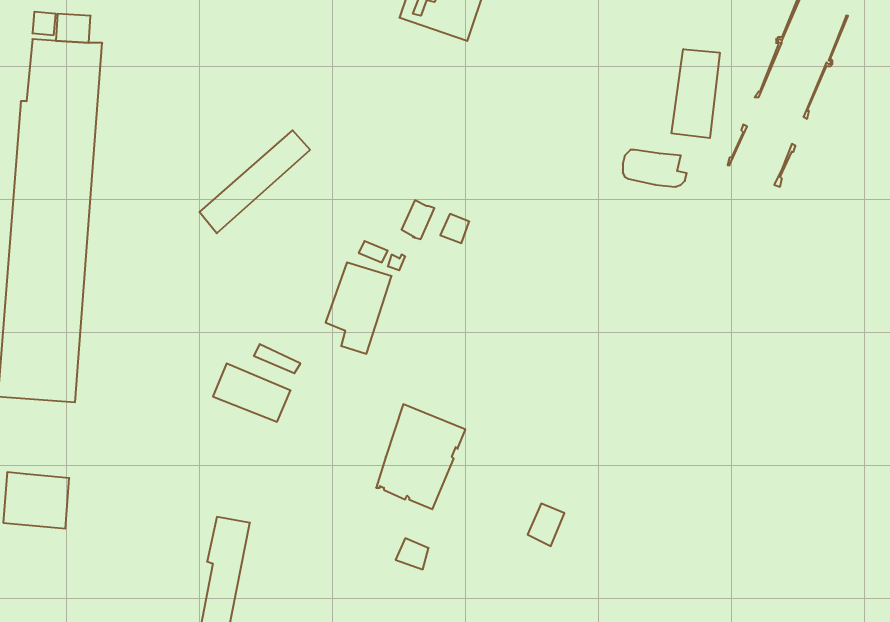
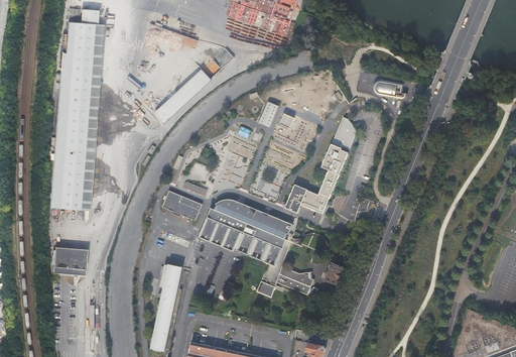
building: [672,49,720,138] -> none
building: none -> [285,116,356,213]
building: none -> [199,199,260,254]
building: none -> [276,265,318,295]

